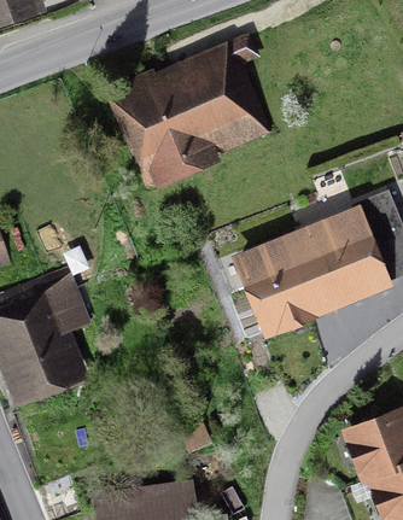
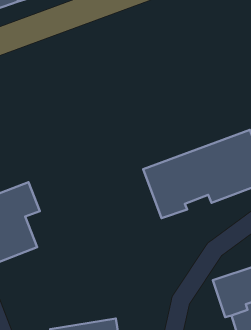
building: [107,47,259,183] -> none

